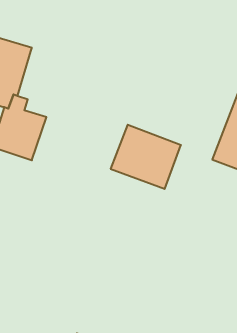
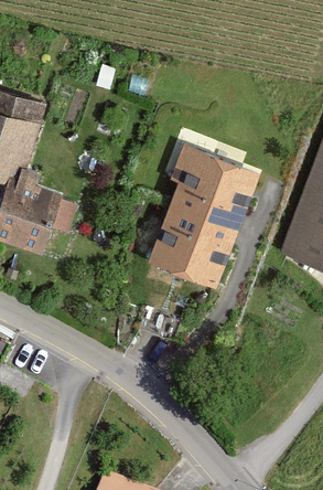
building: none -> [165,141,261,230]

